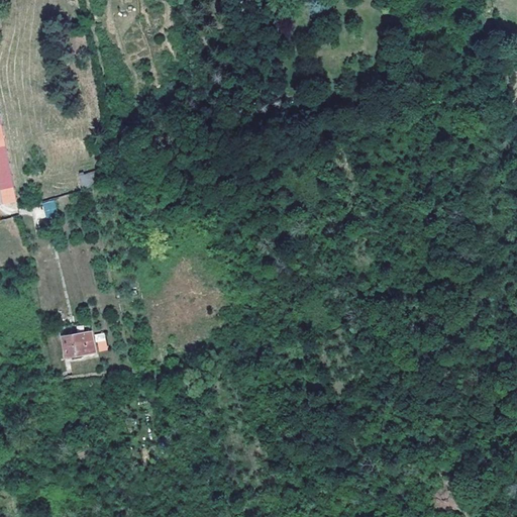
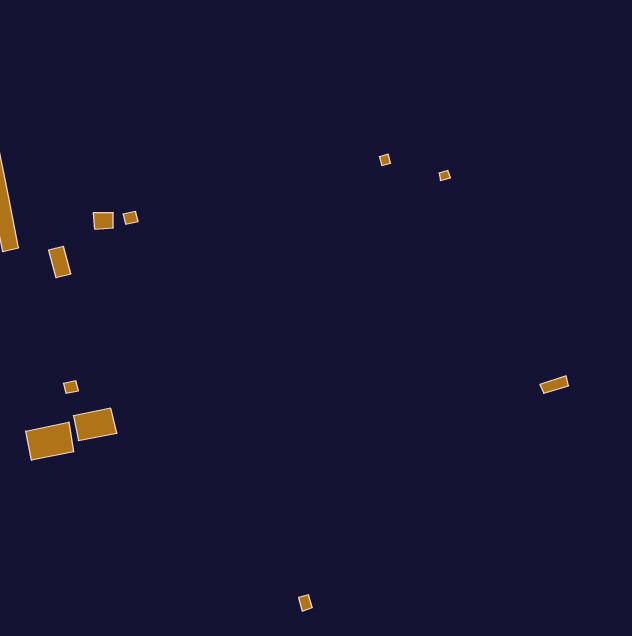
building: none -> [26,422,73,460]

